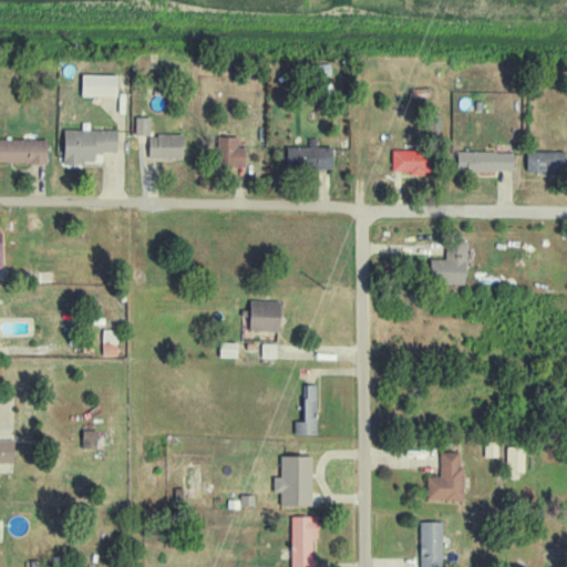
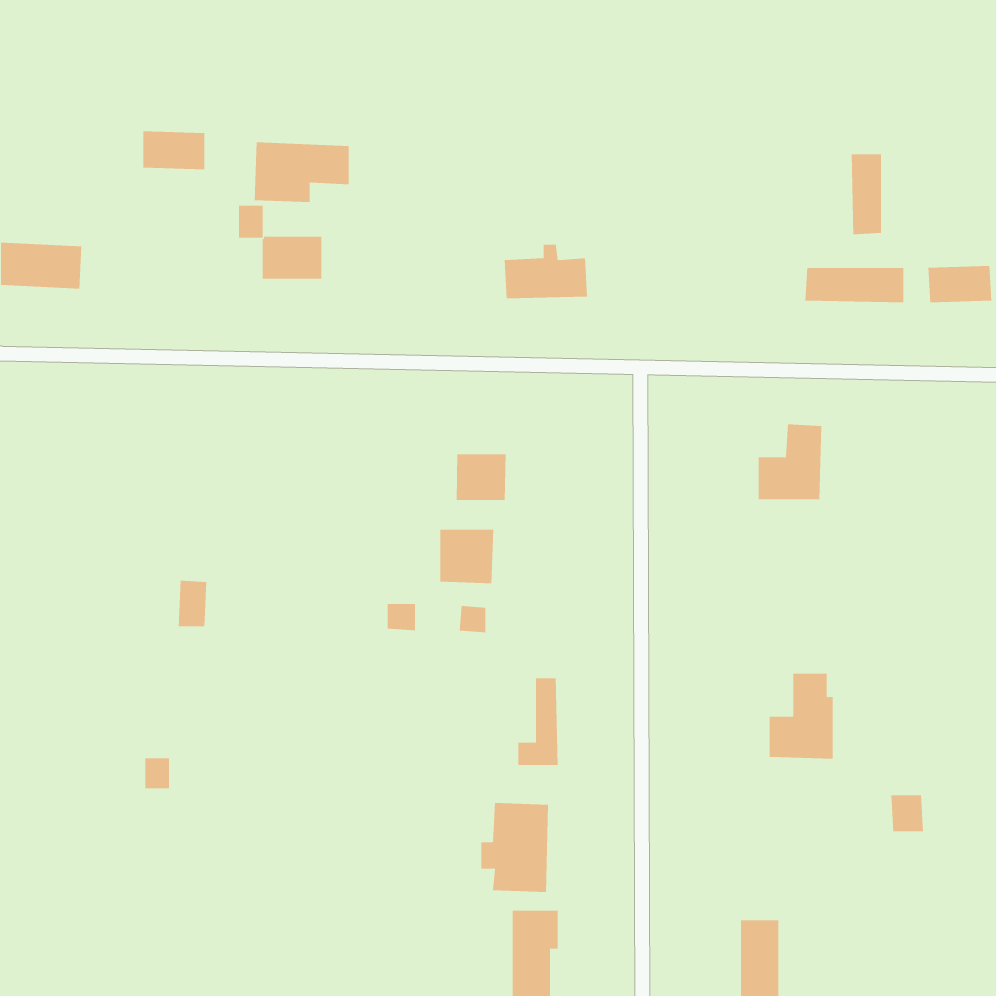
building: none -> [851,153,881,235]
building: [63,130,117,164] -> [254,142,349,202]
building: [218,137,247,168] -> none
building: [393,151,427,174] -> none
building: none -> [456,454,506,501]
building: [427,453,464,502] -> [769,673,833,759]

